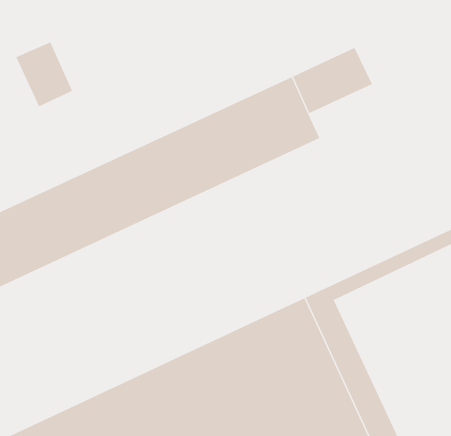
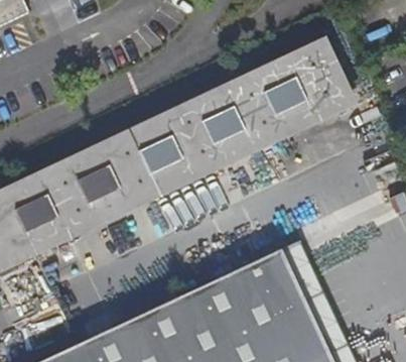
building: [16,41,73,107] -> none
building: none -> [285,81,344,123]

